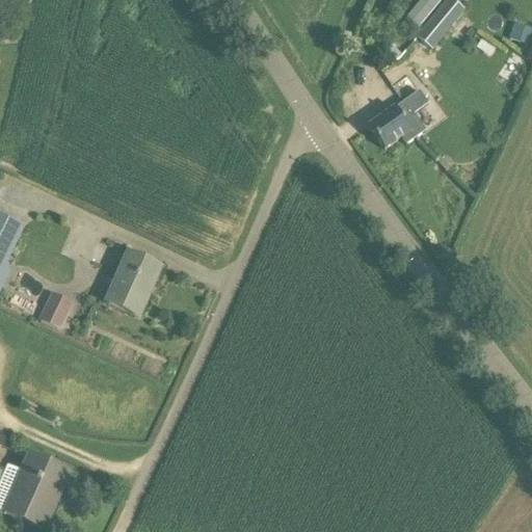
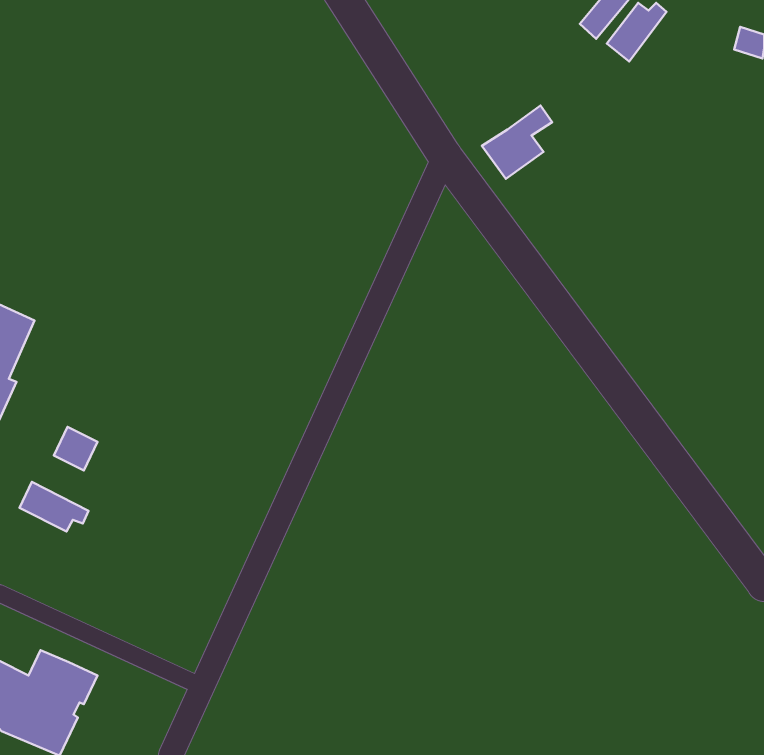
building: [367,95,416,145] -> [482,106,552,179]
building: [105,249,157,313] -> none
building: none -> [19,482,89,531]

